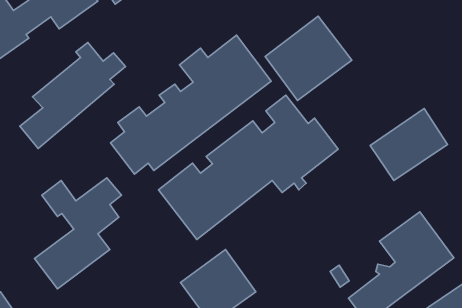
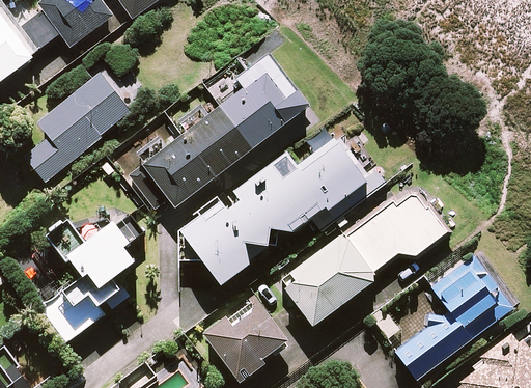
building: [265,16,352,101] -> none
building: [370,109,447,180] -> none
building: none -> [279,188,444,325]

